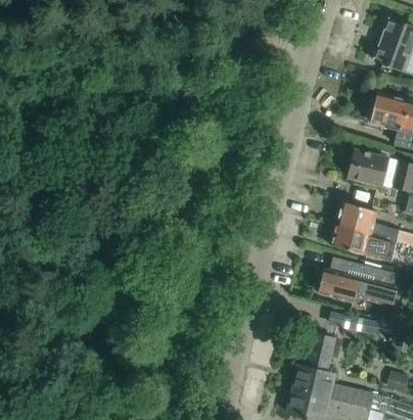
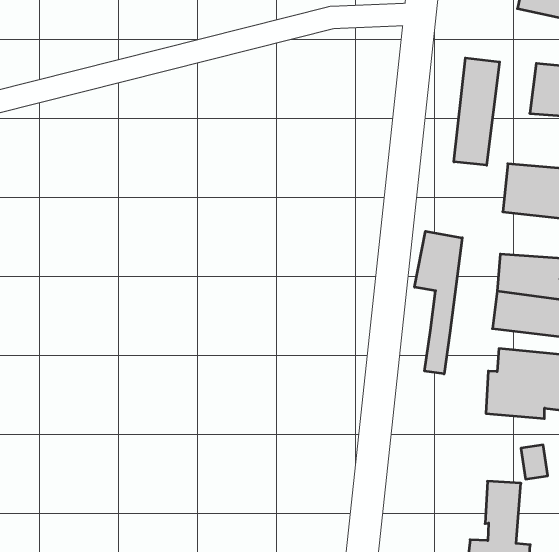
building: none -> [454,58,500,165]
building: none -> [415,231,462,374]

